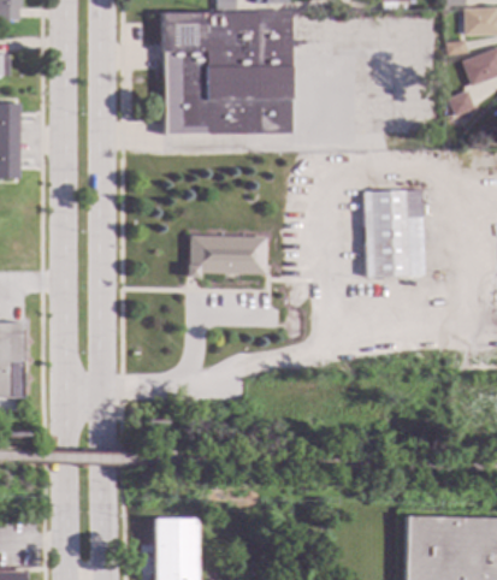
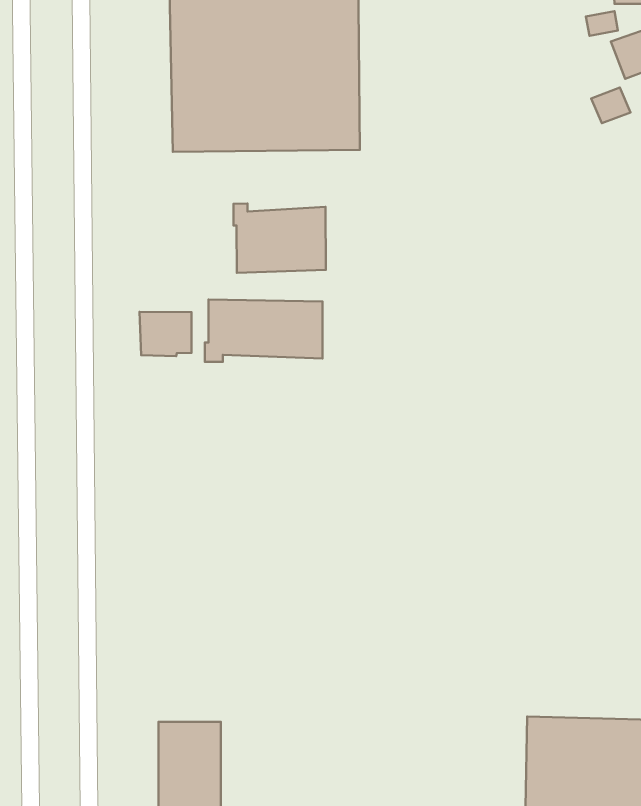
building: none -> [233,204,326,273]
building: [363,189,425,277] -> none
building: none -> [140,312,191,356]

